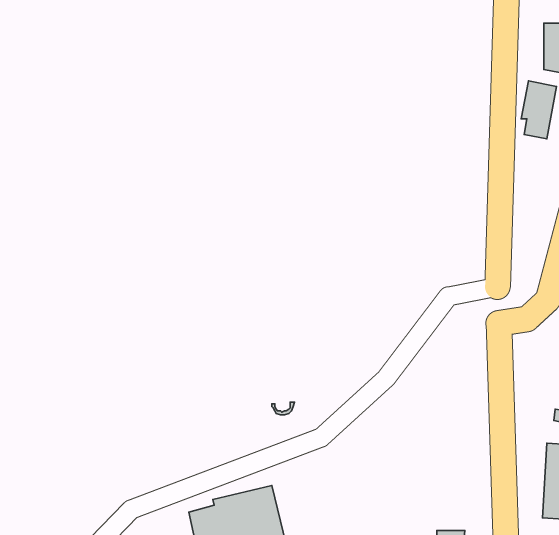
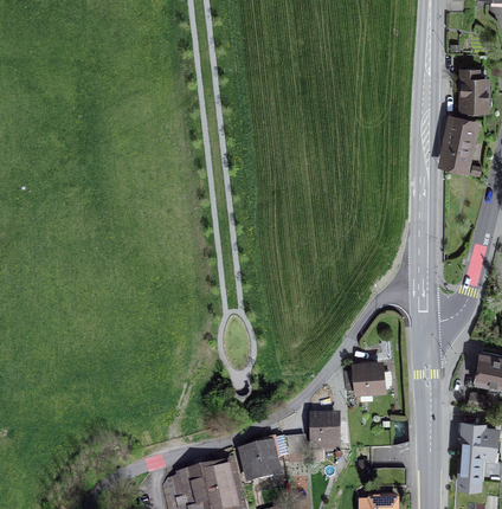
building: none -> [349,363,387,397]
building: none -> [313,418,334,450]
building: none -> [239,442,282,483]

